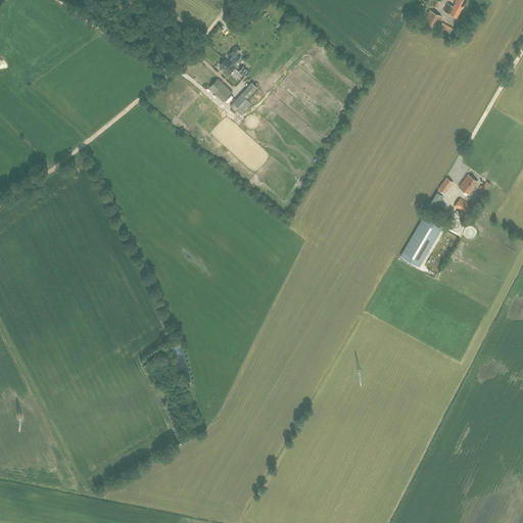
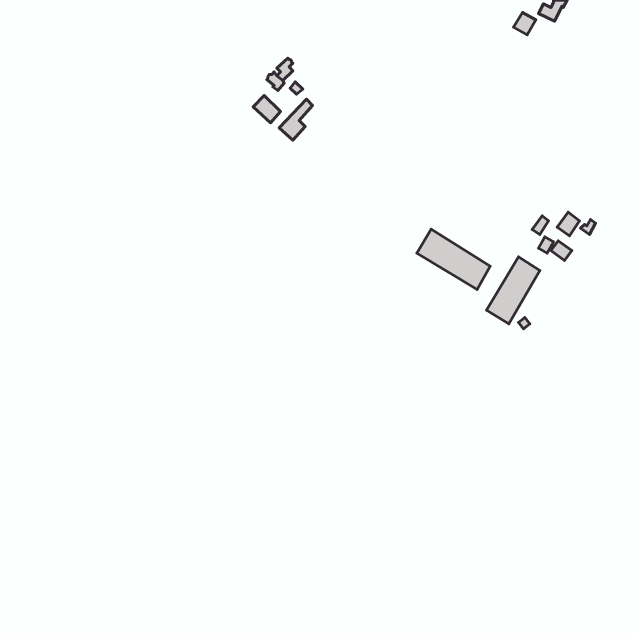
building: none -> [417,229,490,289]

